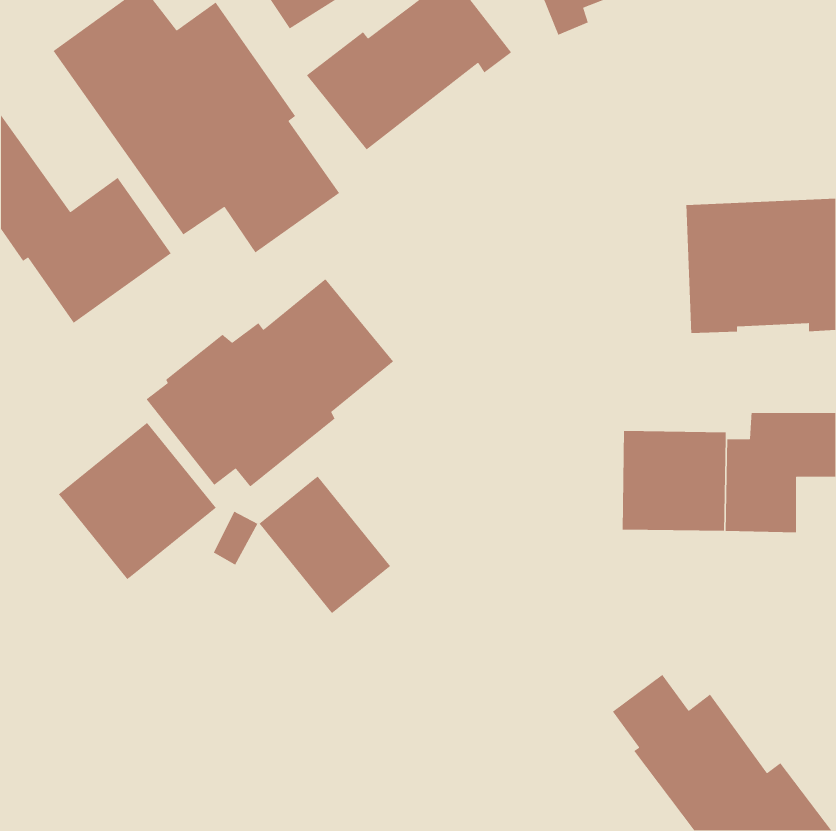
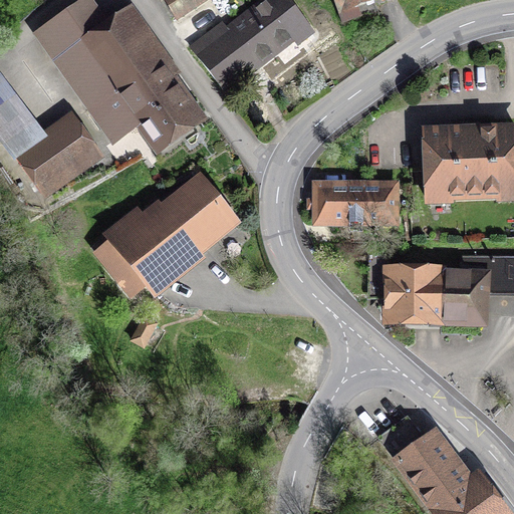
building: none -> [311,178,402,228]
building: [58,422,217,580] -> none
building: [258,476,391,614] -> none

